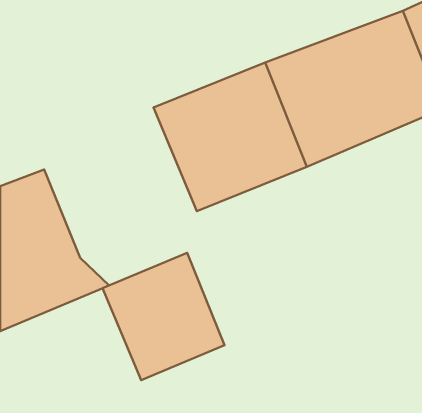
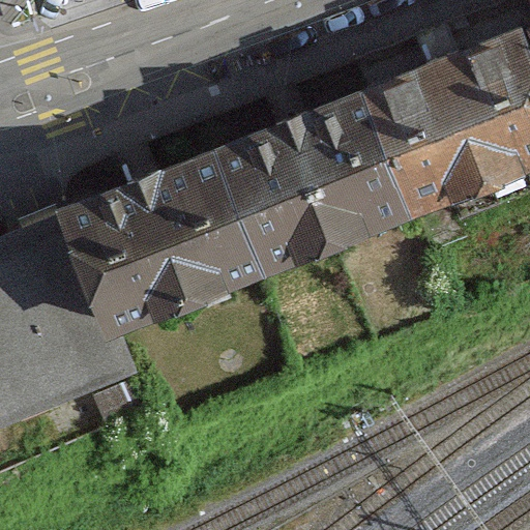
building: none -> [53,150,249,336]
building: [102,253,225,380] -> none

